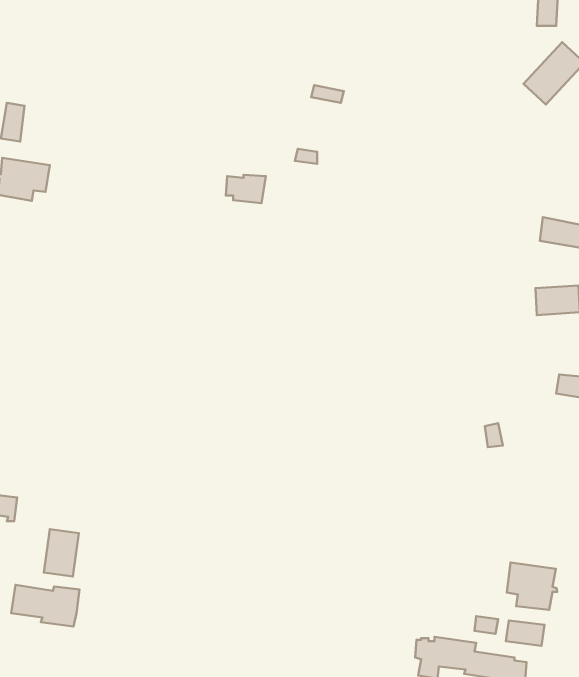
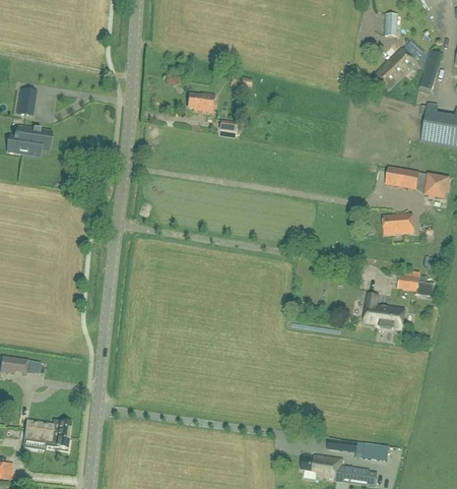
building: [226,175,266,203] -> [188,93,215,112]
building: none -> [363,294,404,329]
building: [44,529,79,577] -> none
building: [507,563,557,610] -> none

